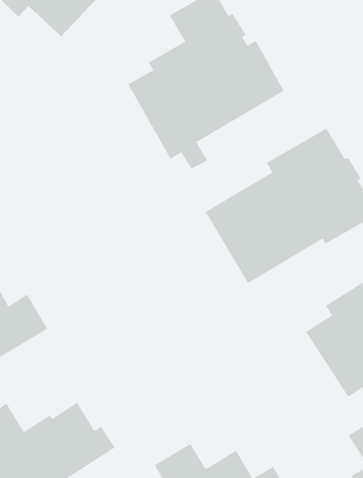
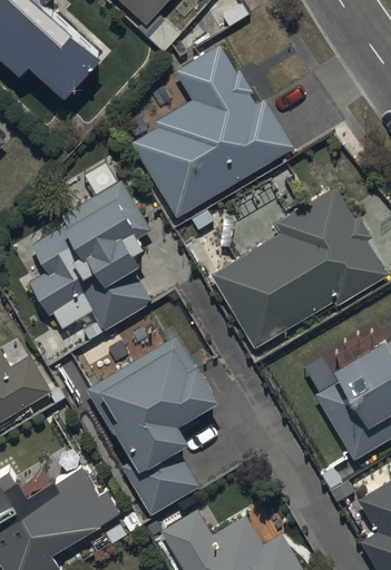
building: none -> [29,181,153,330]
building: none -> [86,337,219,517]

